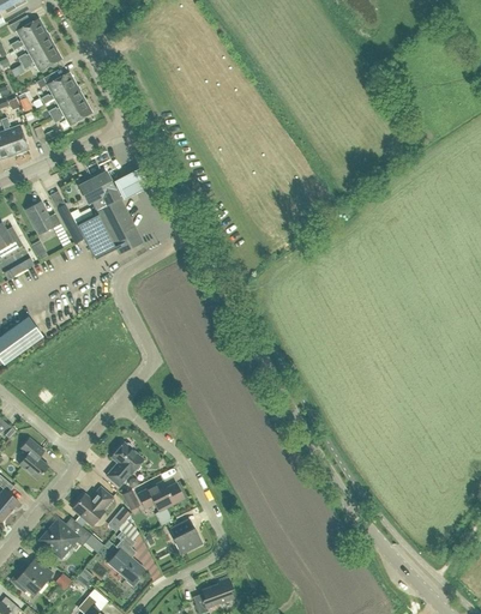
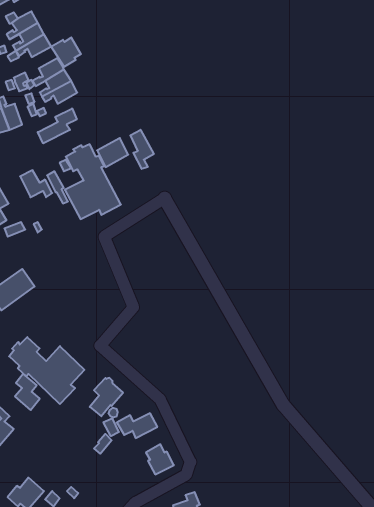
building: none -> [51,37,81,67]
building: none -> [38,108,77,143]
building: none -> [130,130,154,169]
building: none -> [9,337,84,404]
building: [72,486,113,524] -> none
building: [38,517,91,558] -> none
building: [108,529,144,584] -> none

